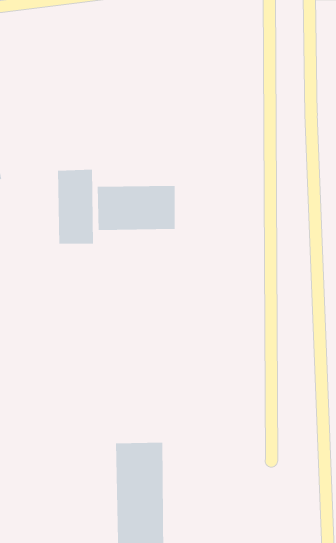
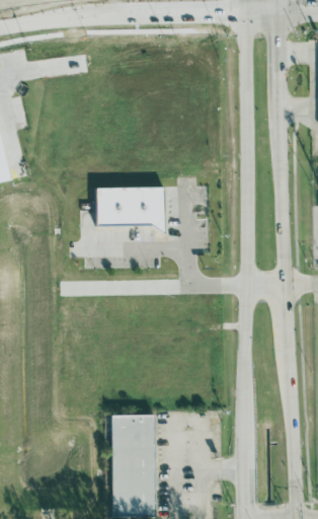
building: [57,169,94,244] -> none

